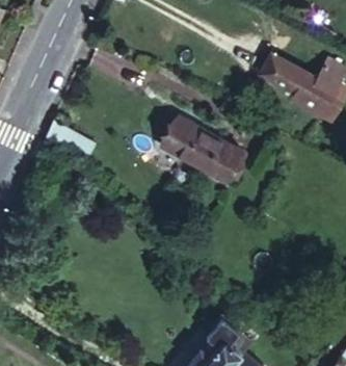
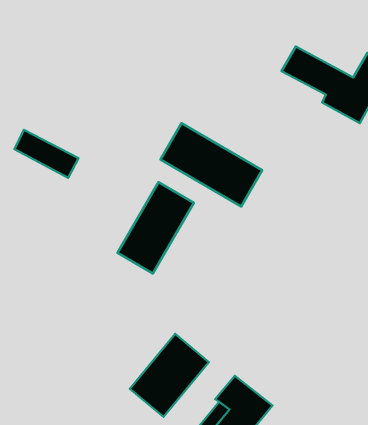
building: none -> [118,182,194,274]
building: none -> [130,334,209,417]

